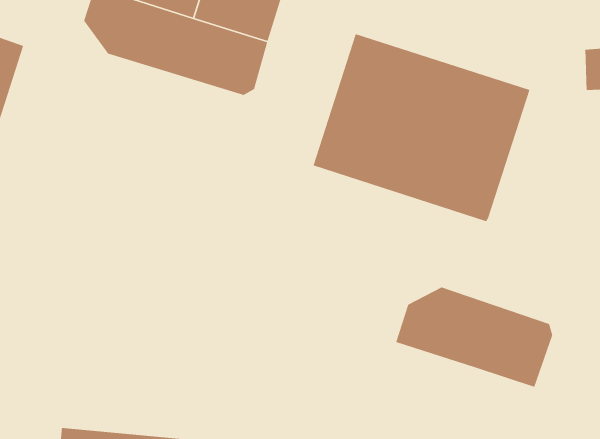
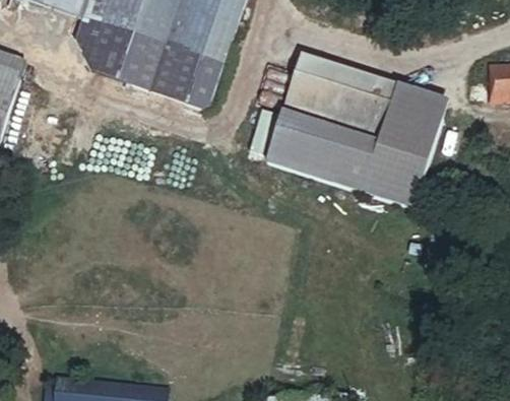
building: [395,287,553,388] -> none

